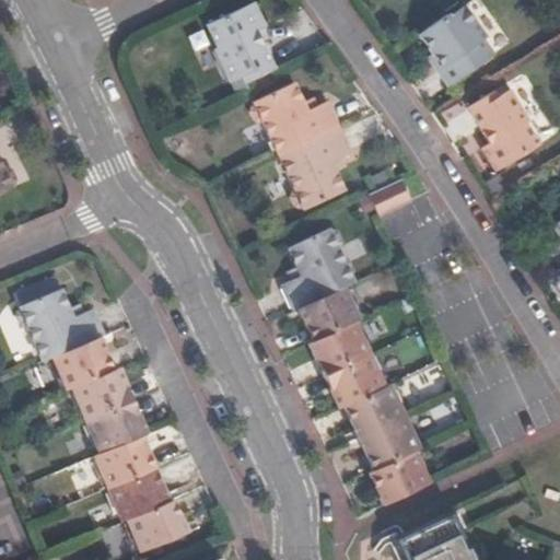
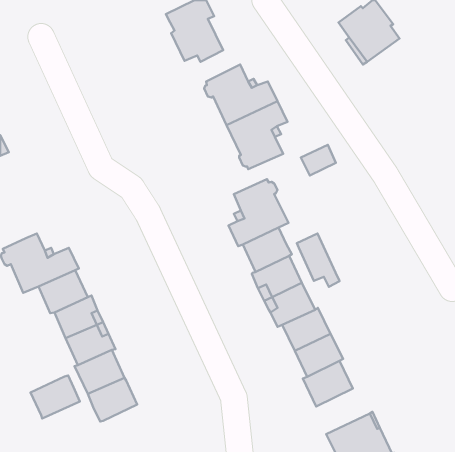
building: [464,90,537,177] -> none
building: none -> [297,234,340,287]
building: [129,500,189,552] -> [30,376,80,419]

